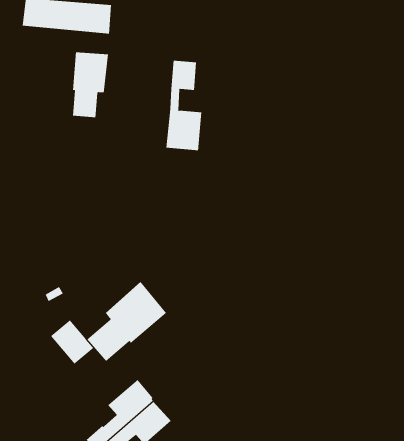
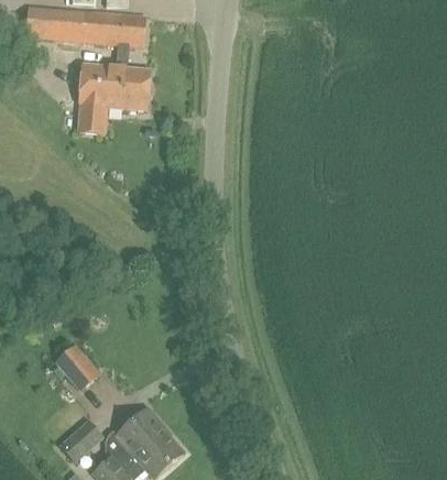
building: [165,60,202,151] -> [112,13,151,109]
building: [87,281,167,362] -> none
building: none -> [59,419,103,462]

